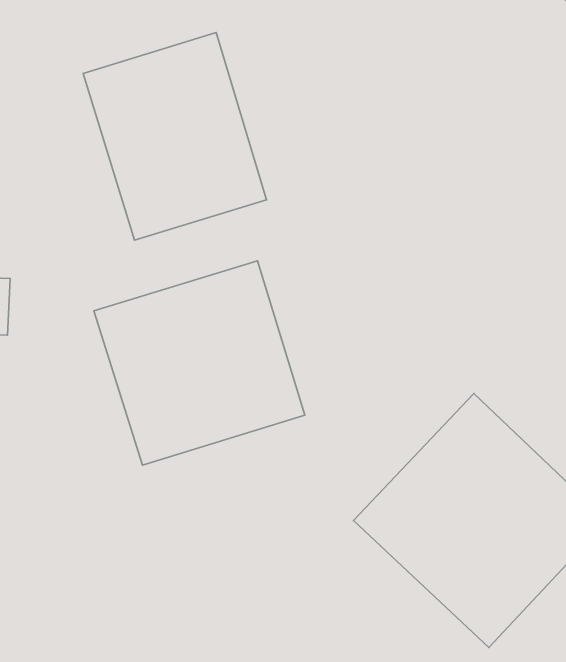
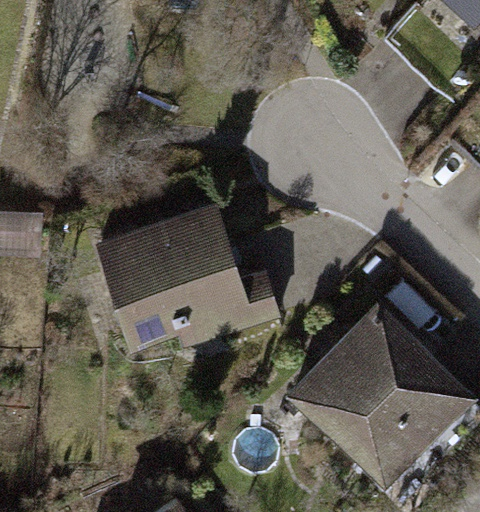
building: [83,33,267,240] -> none

